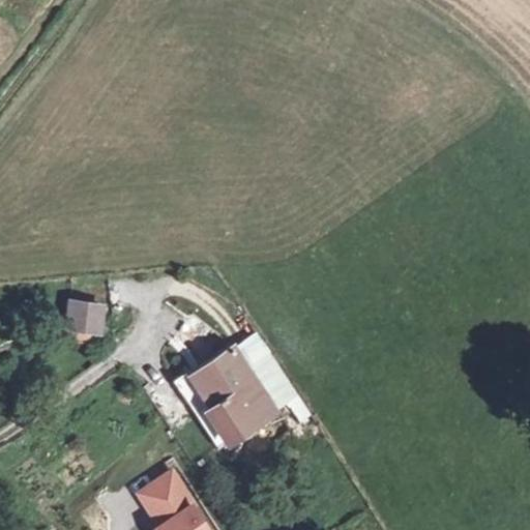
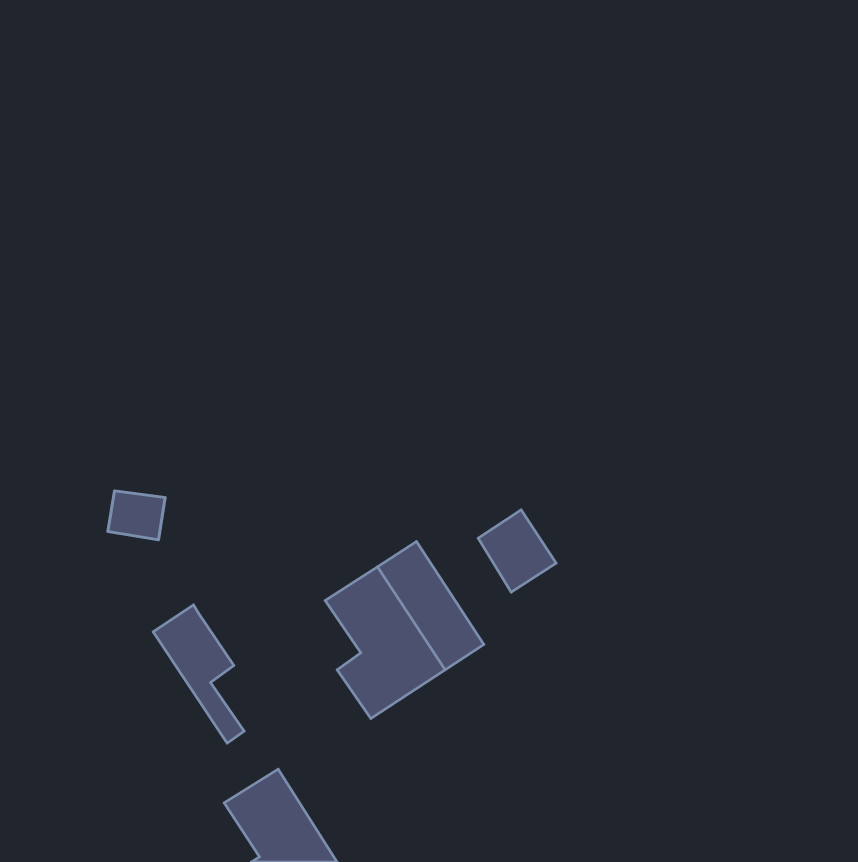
building: none -> [478,510,556,592]
building: [174,363,230,448] -> [153,605,244,743]

